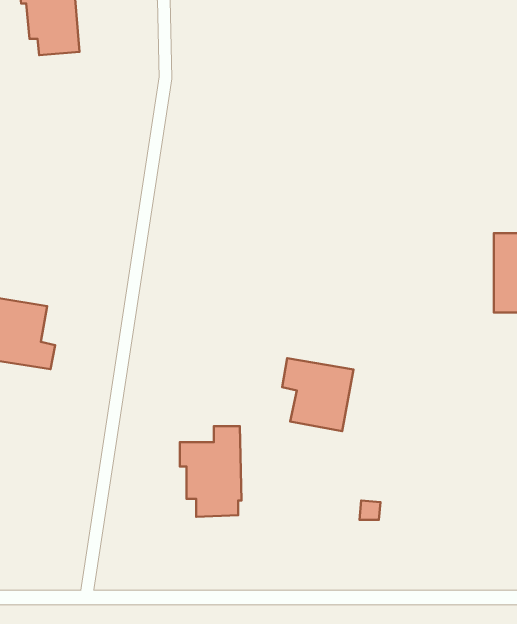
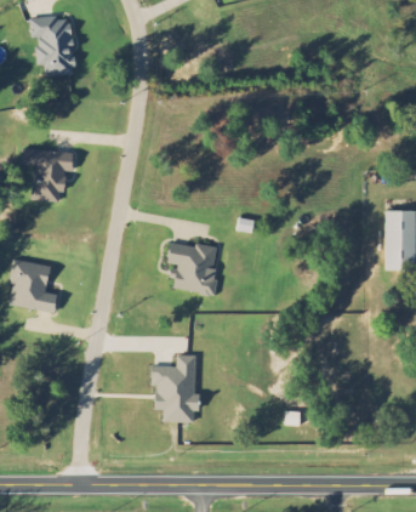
building: none -> [22,148,74,201]
building: [282,358,353,431] -> [166,240,220,295]

